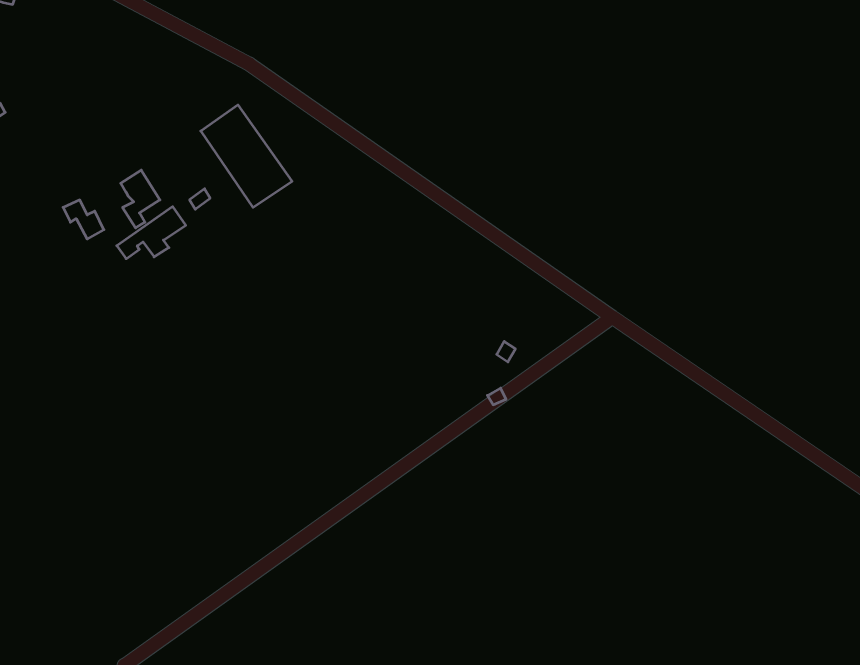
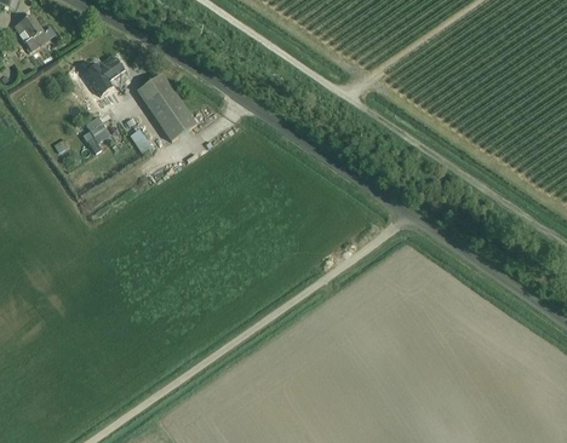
building: none -> [19,13,48,51]
building: [117,207,186,259] -> [79,58,124,92]

